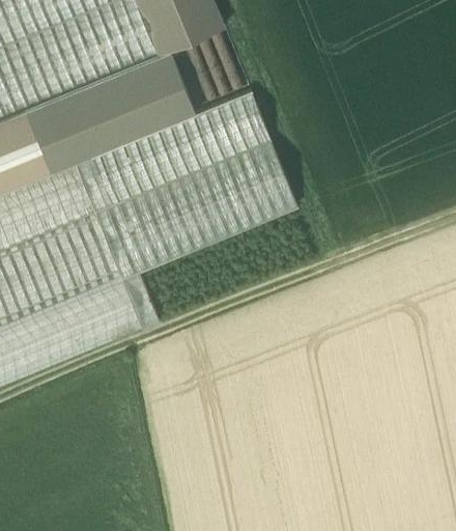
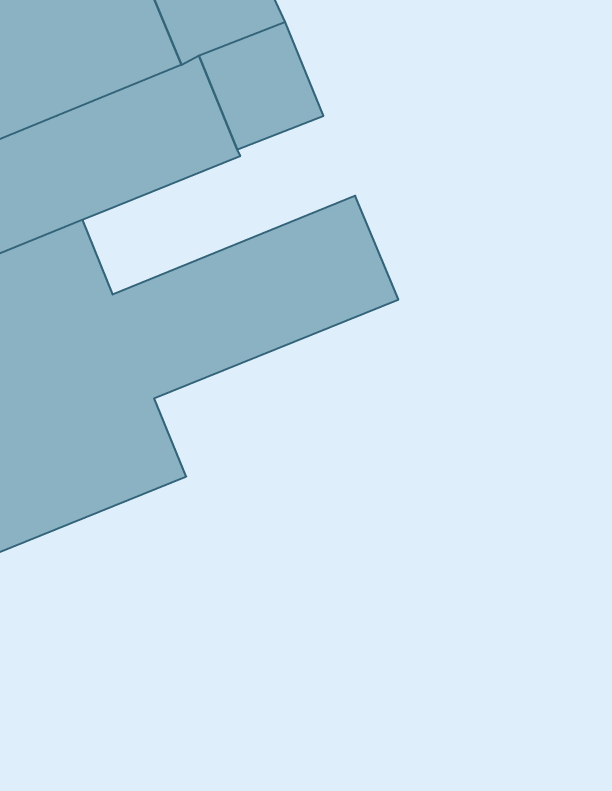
building: [90,89,267,202] -> none

